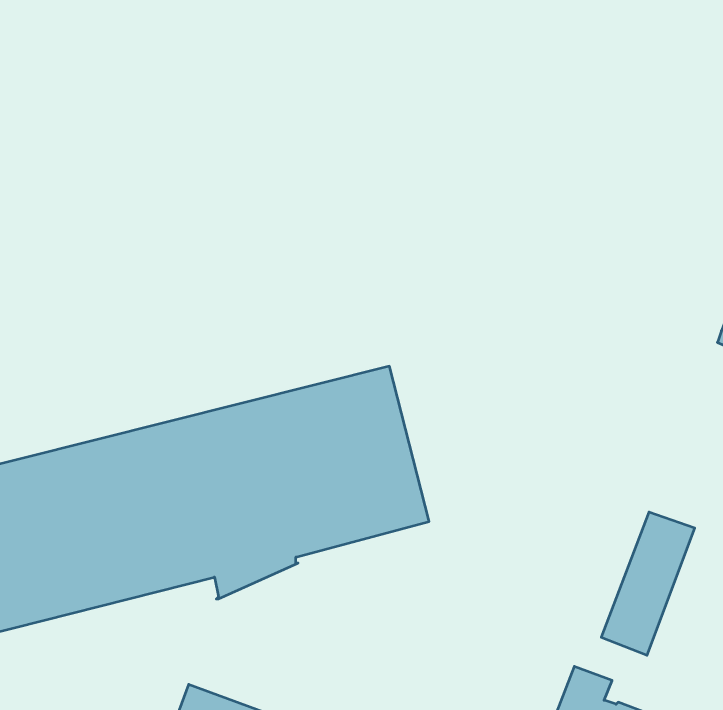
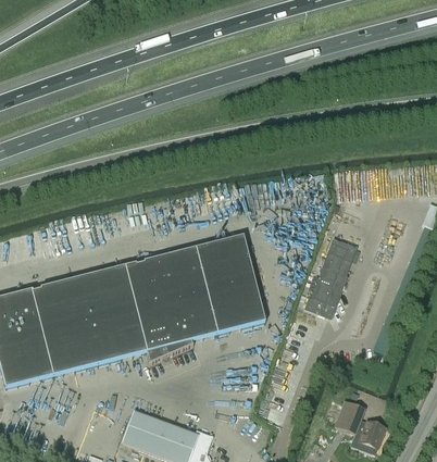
building: [601,512,695,655] -> [305,237,357,315]

